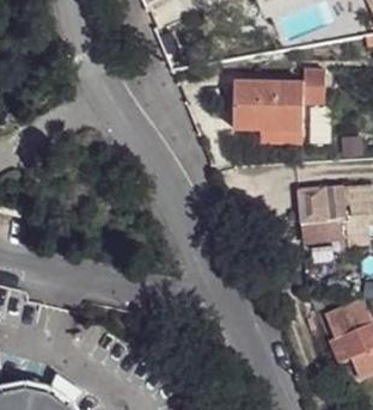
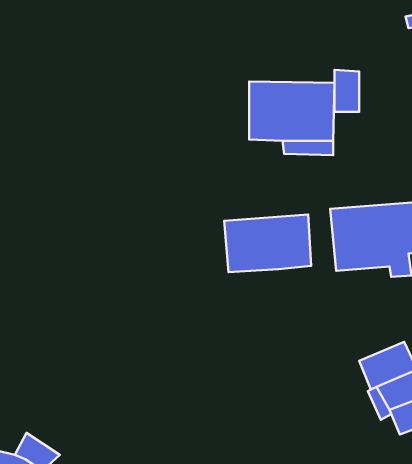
building: none -> [224,214,311,272]

